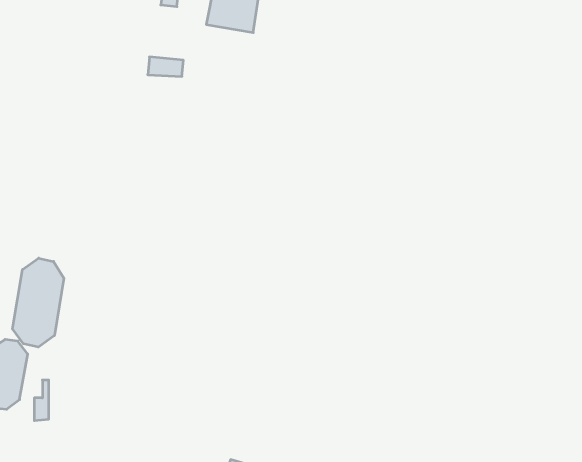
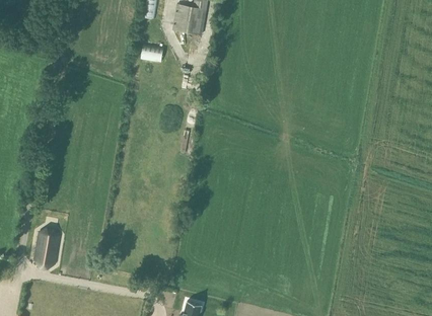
building: [12,258,64,347] -> none

